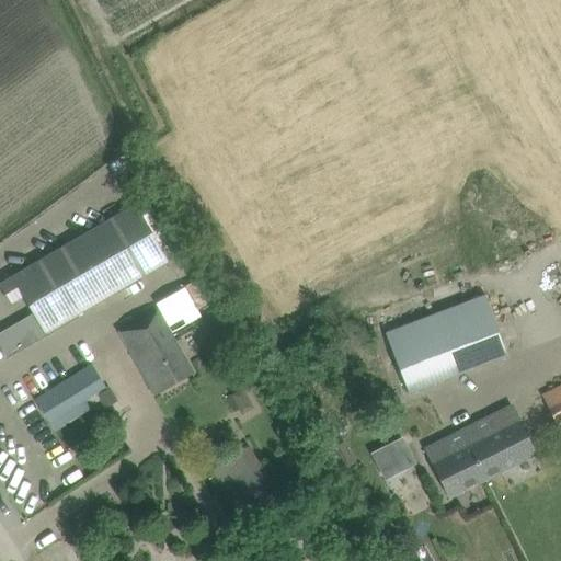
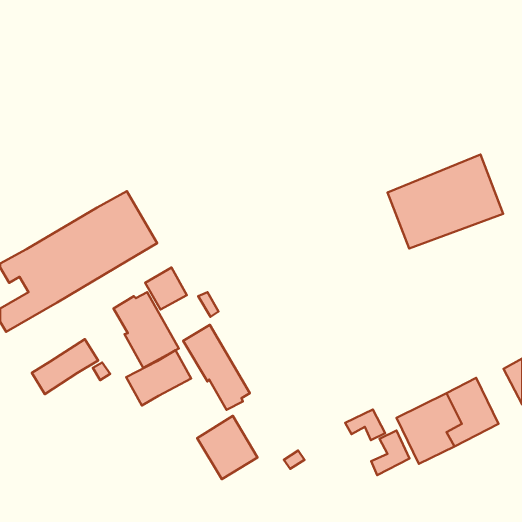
building: [385,291,508,392] -> [388,155,503,249]
building: none -> [183,325,250,410]
building: none -> [126,350,191,405]
building: none -> [371,430,410,475]

